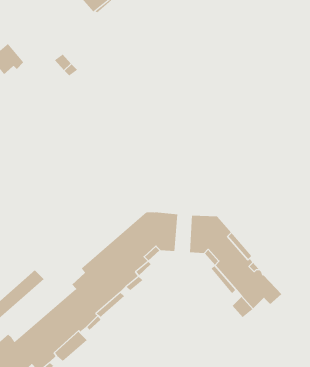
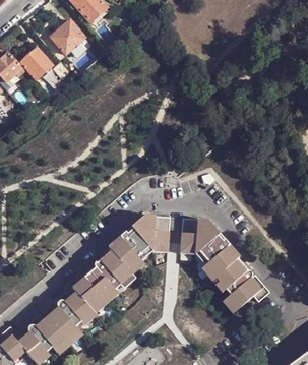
building: none -> [50,19,84,54]
building: none -> [19,48,52,79]

